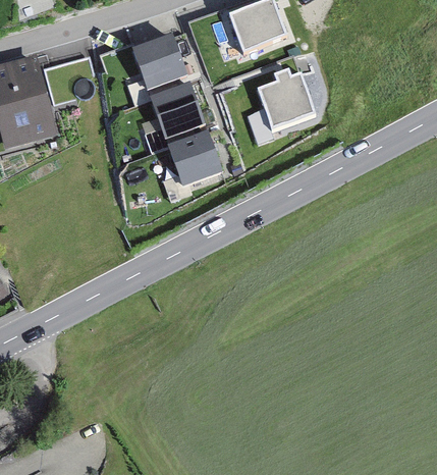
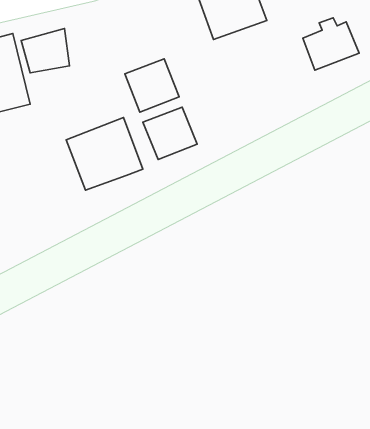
building: [130,36,186,92] -> none
building: [256,76,313,129] -> [303,18,359,70]
building: none -> [66,117,143,190]

